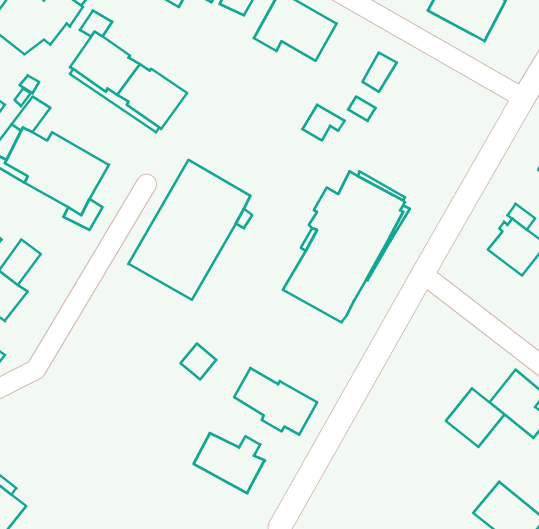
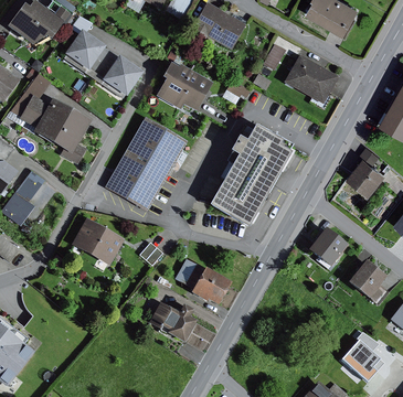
building: none -> [284,55,338,104]
building: none -> [156,63,213,112]
building: none -> [72,218,124,266]
building: [446,388,504,447] -> [308,227,348,267]

